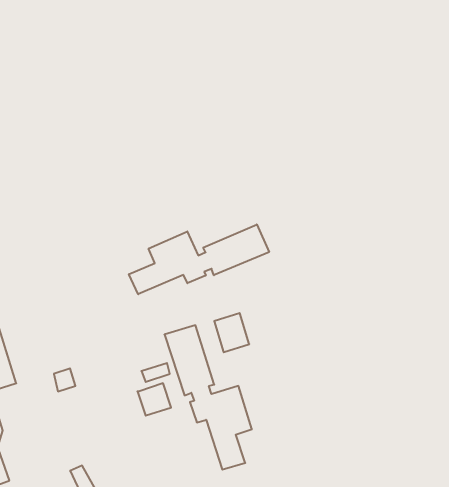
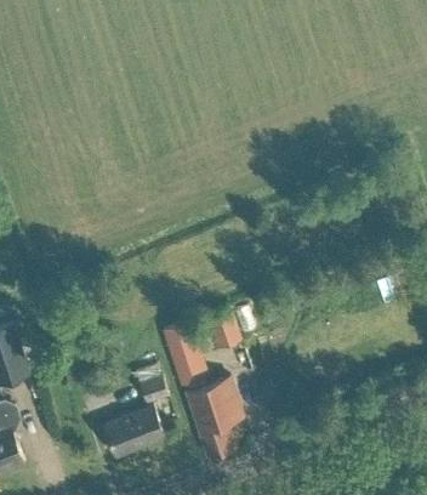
building: [129,224,269,294] -> none
building: none -> [104,409,165,457]

